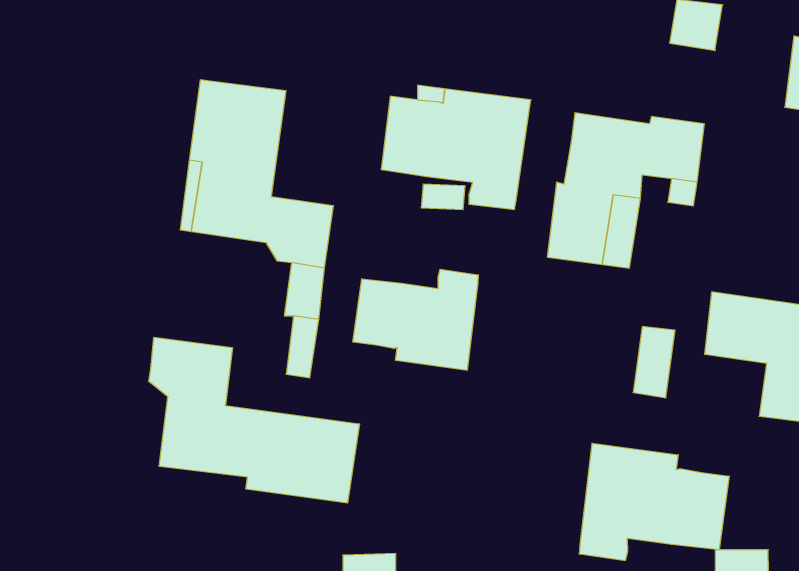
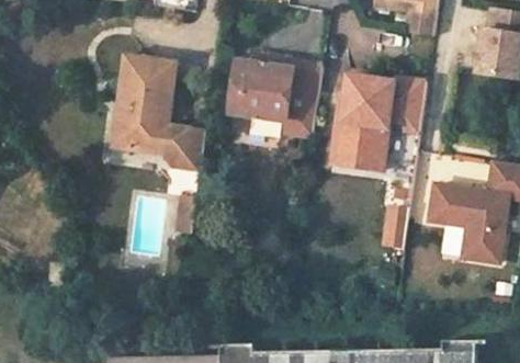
building: [353,269,478,370] -> none
building: [149,337,359,503] -> none
building: [579,443,729,561] -> none

